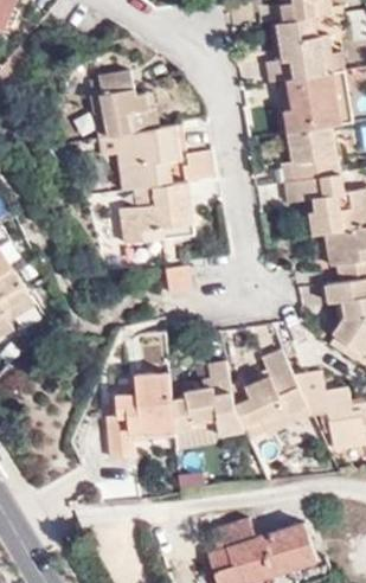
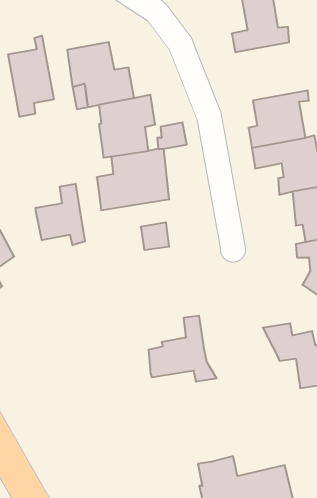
building: none -> [8,36,54,117]
building: [277,69,340,133] -> none
building: none -> [36,184,85,245]
building: [229,346,308,437] -> none
building: [104,369,171,459] -> none

